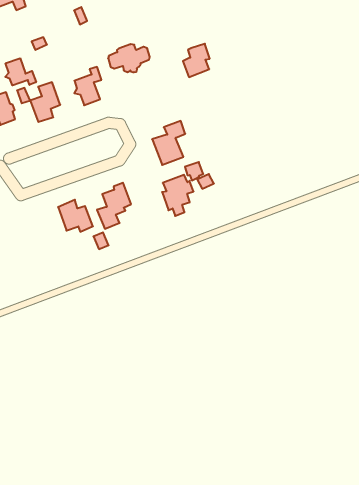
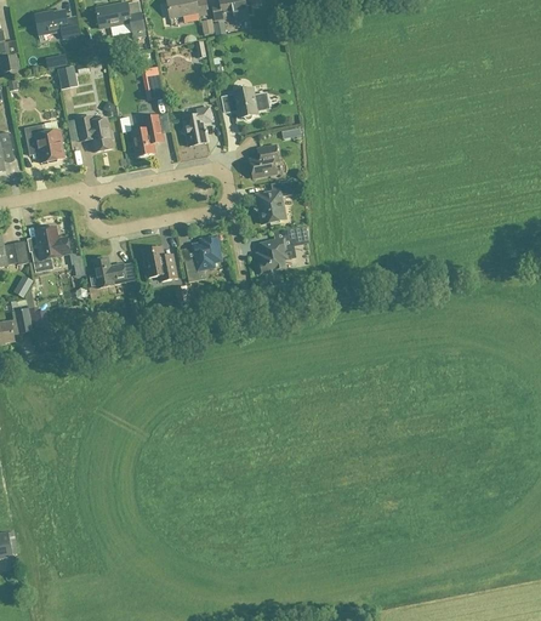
building: [183,44,210,77] -> [249,144,278,177]
building: [5,58,36,85] -> none
building: none -> [89,256,125,286]

